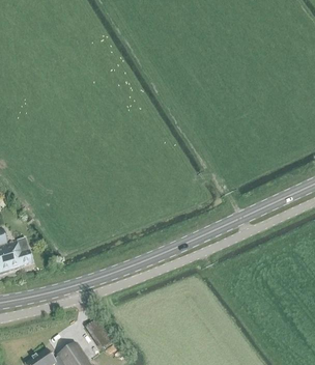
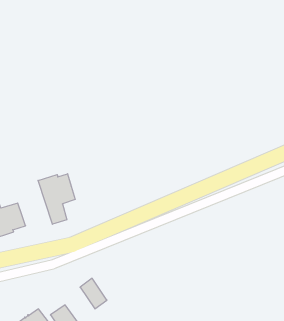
building: none -> [38,174,75,224]

